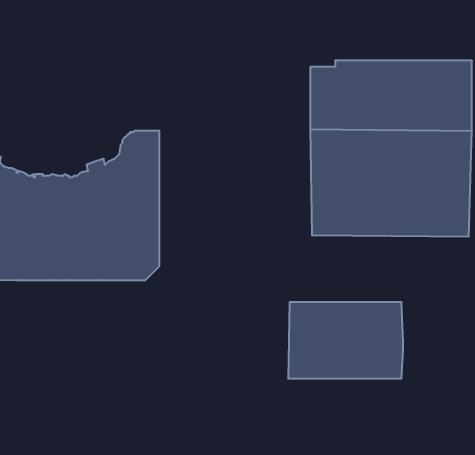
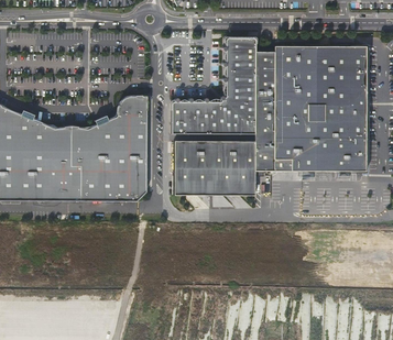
building: none -> [171,36,254,133]
building: [288,302,403,378] -> [173,140,254,194]

